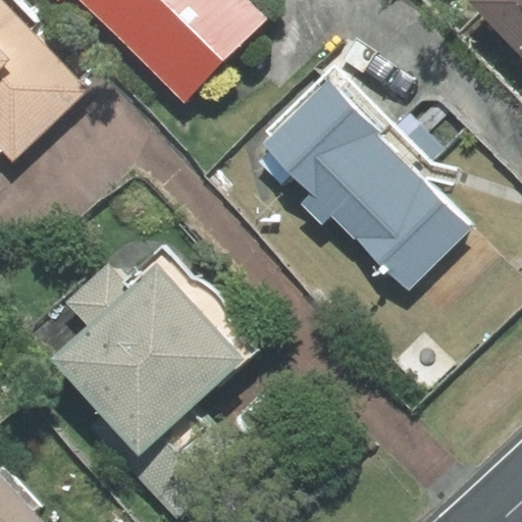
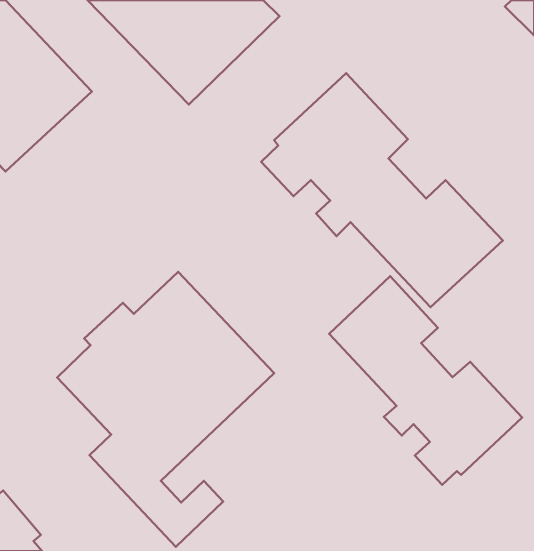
building: none -> [329,276,522,485]

